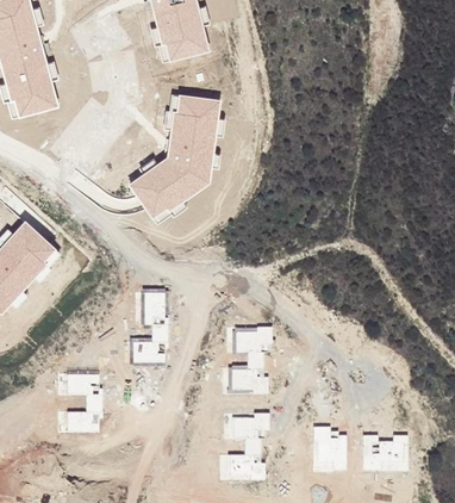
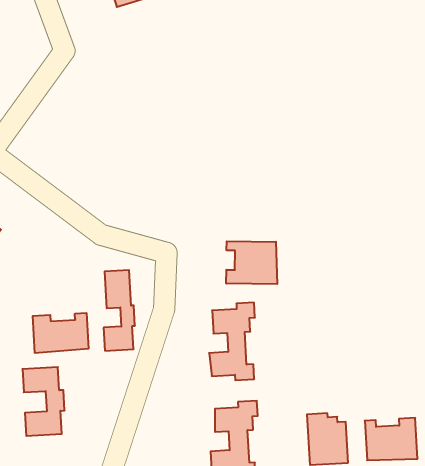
building: [129,94,220,221] -> none
building: none -> [226,241,277,284]
building: none -> [33,313,88,353]

